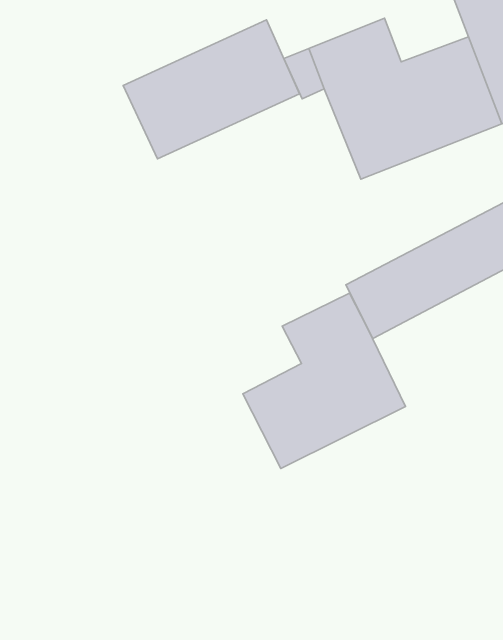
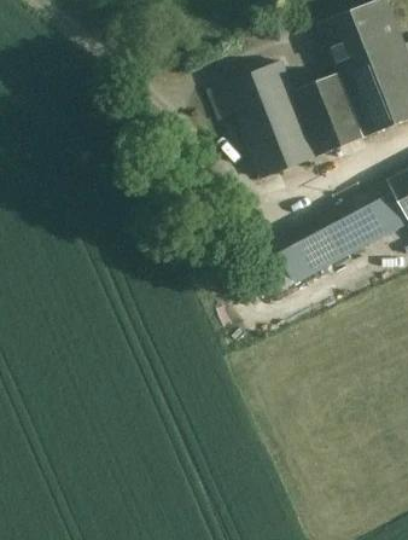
building: [123,20,300,159] -> none
building: [243,293,405,469] -> none

